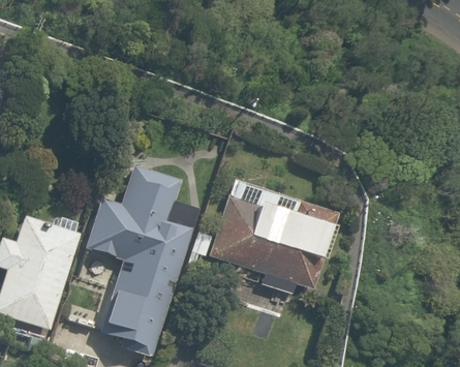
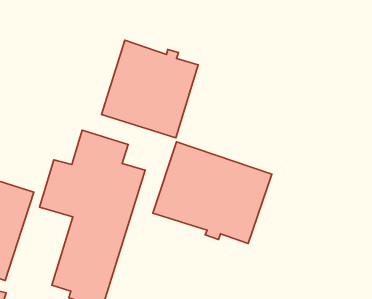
building: none -> [101,40,198,138]

